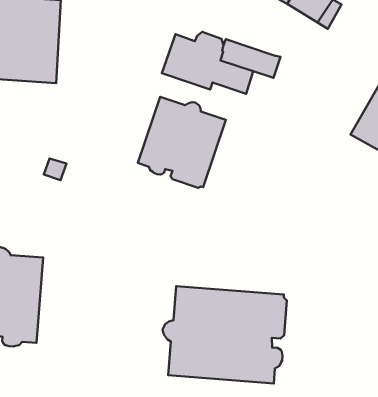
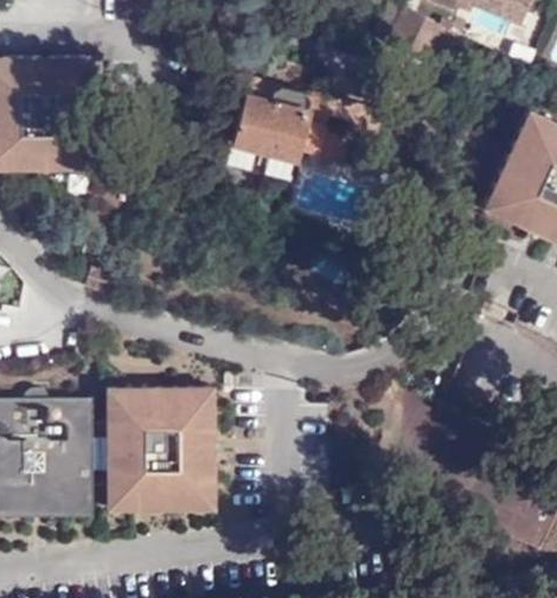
building: [138,97,226,188] -> none
building: none -> [107,389,212,509]
building: [163,286,287,383] -> none

